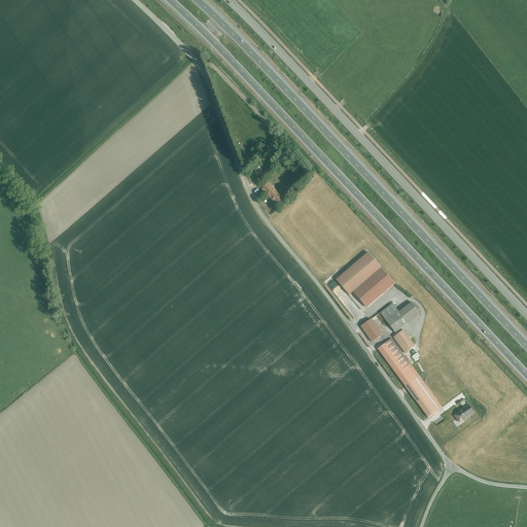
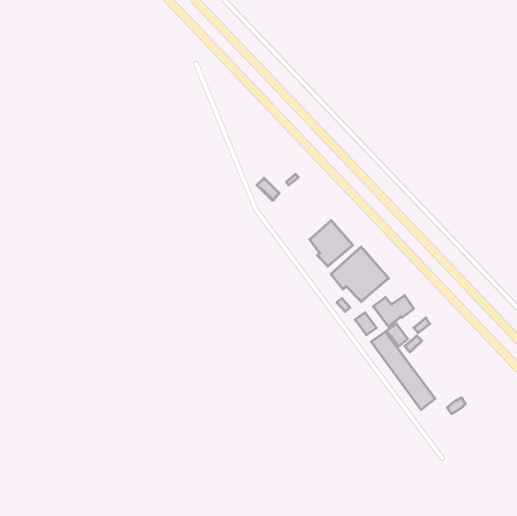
building: none -> [310,220,353,266]

